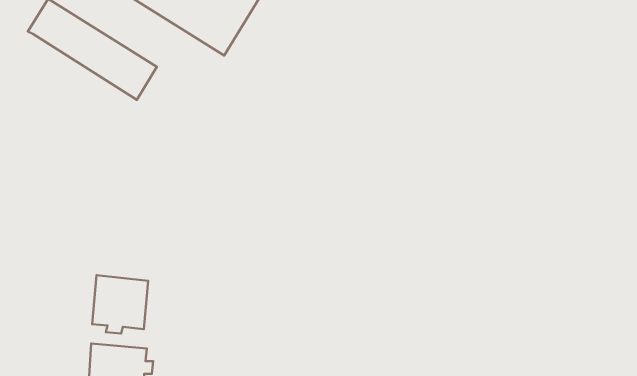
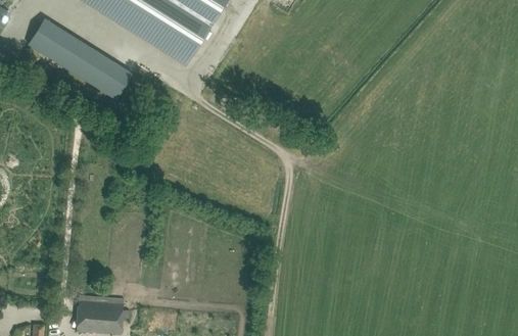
building: [92,275,148,333] -> none

